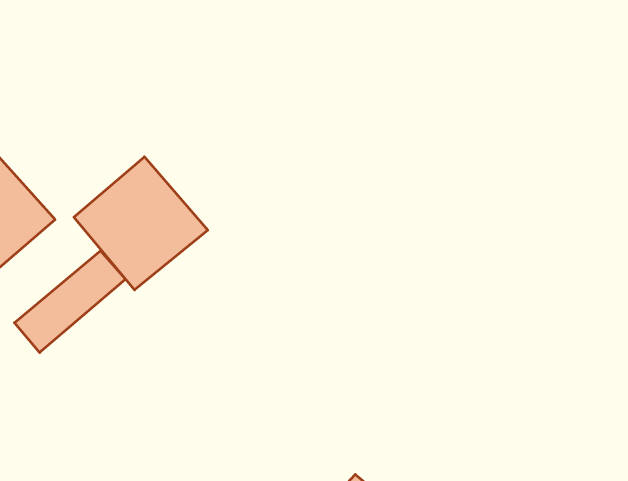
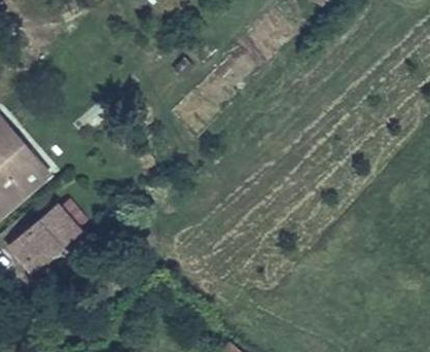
building: [74,157,208,290] -> none

